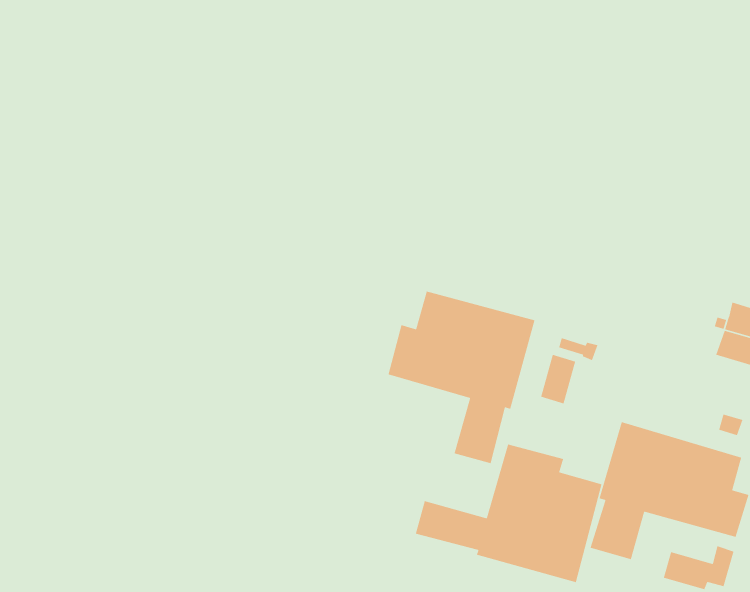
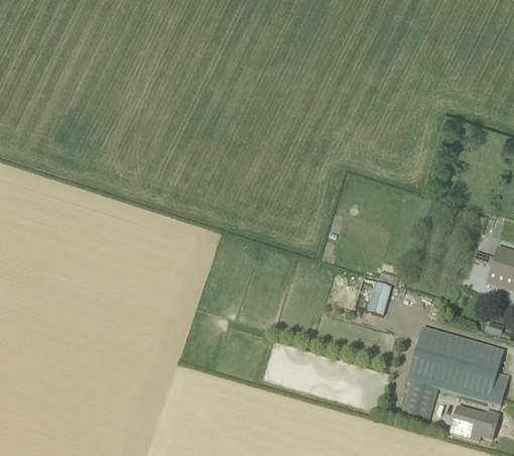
building: [388,291,536,464] -> none
building: [415,444,603,583] -> none

